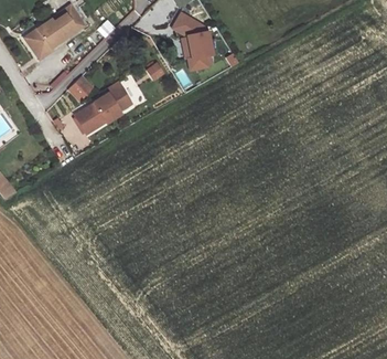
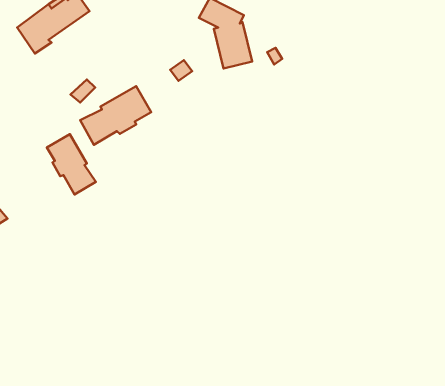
building: none -> [47,134,96,195]

